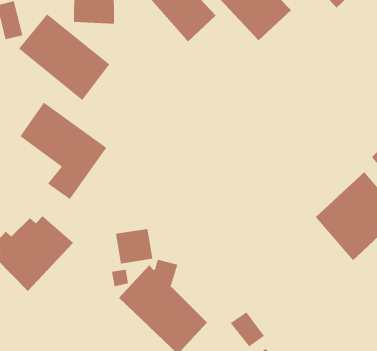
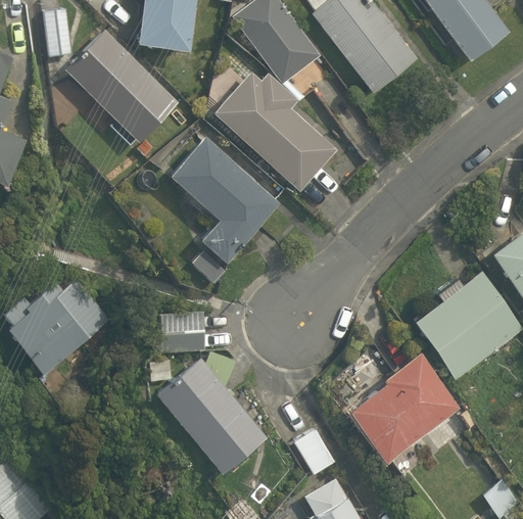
building: none -> [207,70,334,190]
building: [19,102,107,200] -> [172,136,280,263]
building: none -> [350,350,462,464]

